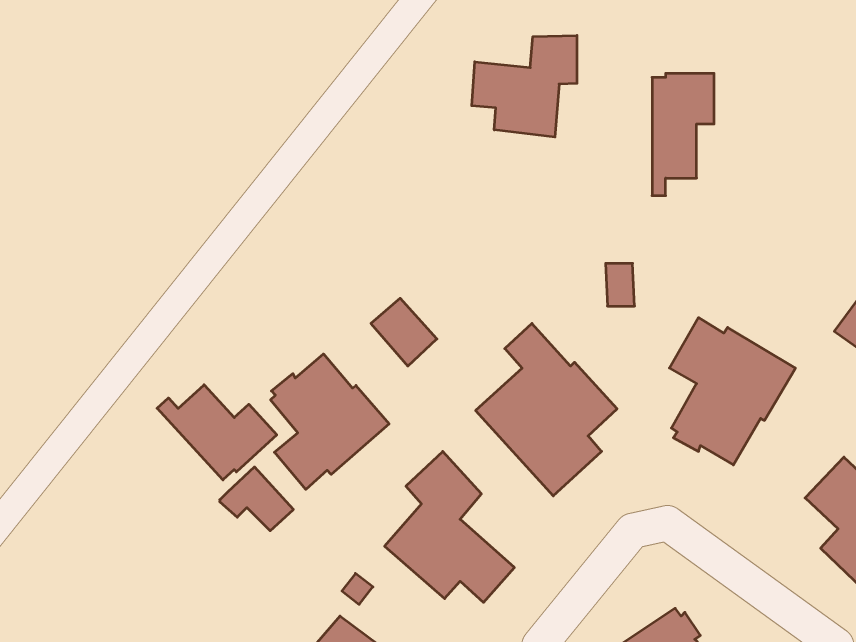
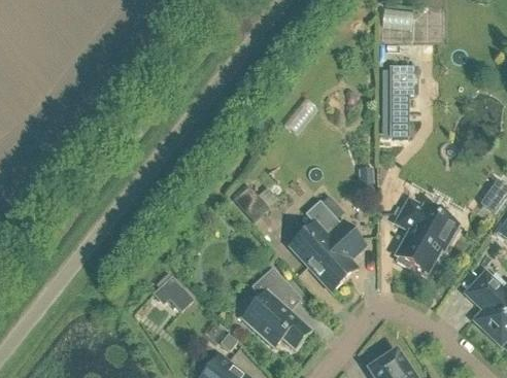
building: [472,35,577,137] -> none
building: [271,354,389,489] -> none
building: [157,385,277,480] -> none

